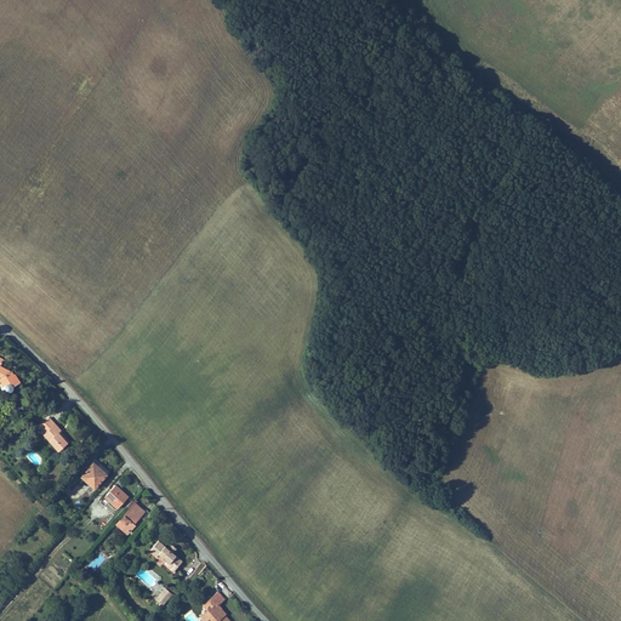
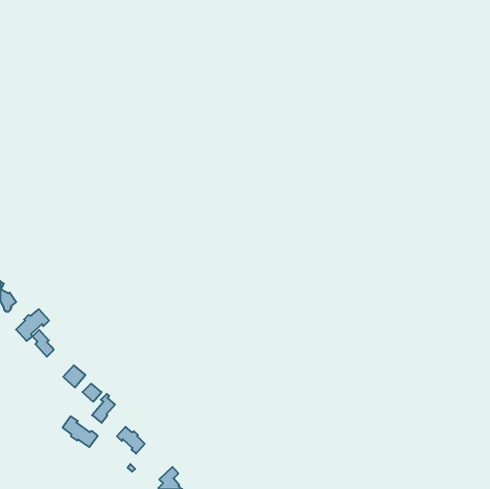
building: none -> [16,309,49,341]
building: none -> [63,416,98,447]

